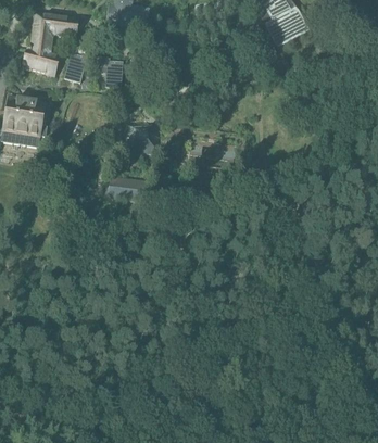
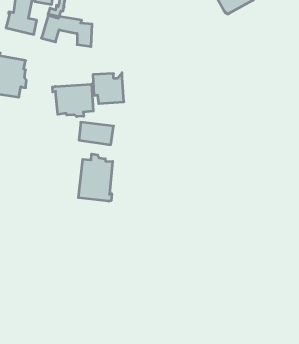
building: none -> [52,84,93,117]
building: none -> [78,154,113,201]

